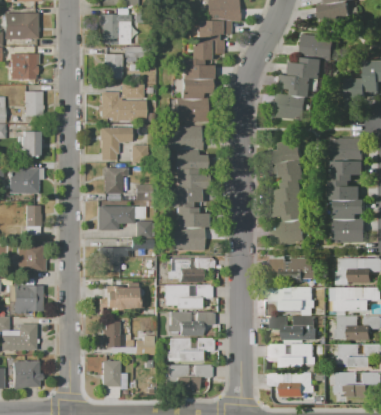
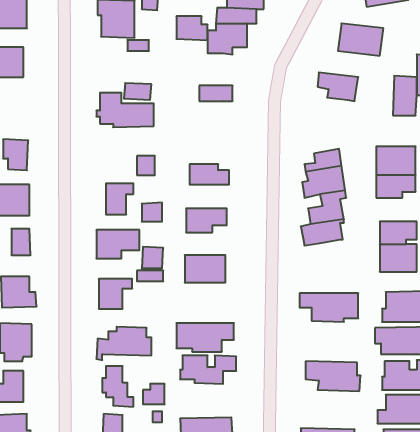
building: [103,53,121,79] -> none
building: [290,56,325,79] -> none
building: [182,58,208,78] -> [176,16,208,40]
building: [24,90,42,115] -> none
building: [272,95,307,118] -> none
building: [175,98,203,121] -> none
building: [168,126,202,148] -> none
building: [99,128,131,160] -> none
building: [175,168,197,188] -> none
building: [329,179,363,199] -> none
building: [176,208,212,227] -> none
building: [269,214,305,247] -> none
building: [169,258,214,282] -> none
building: [264,287,315,311] -> none
building: [166,337,211,361] -> none
building: [269,344,316,368] -> none

